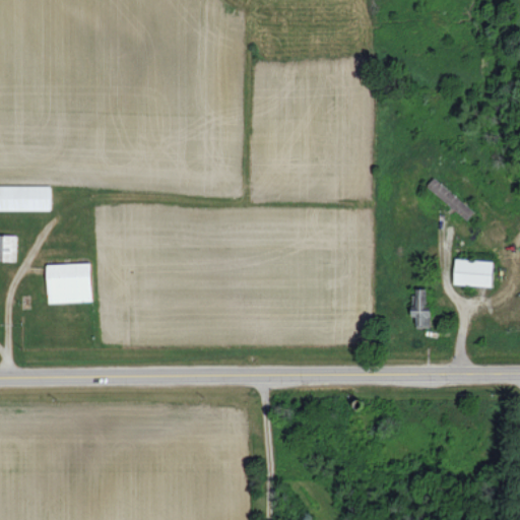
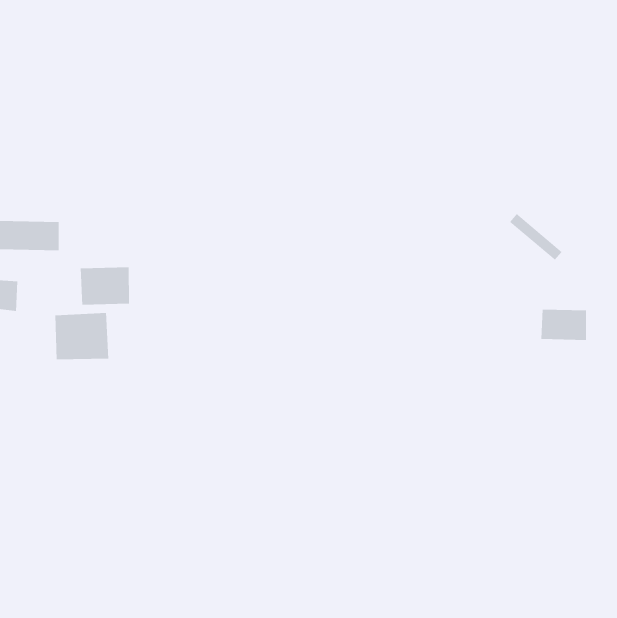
building: none -> [80,266,129,306]
building: [411,289,431,328] -> none

